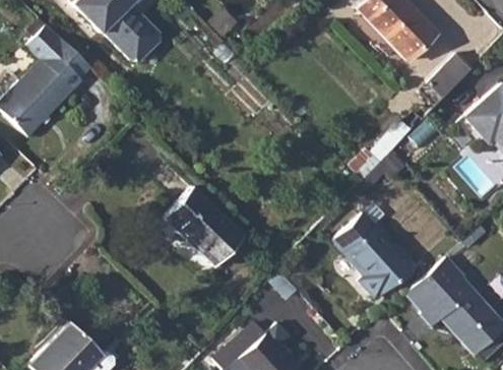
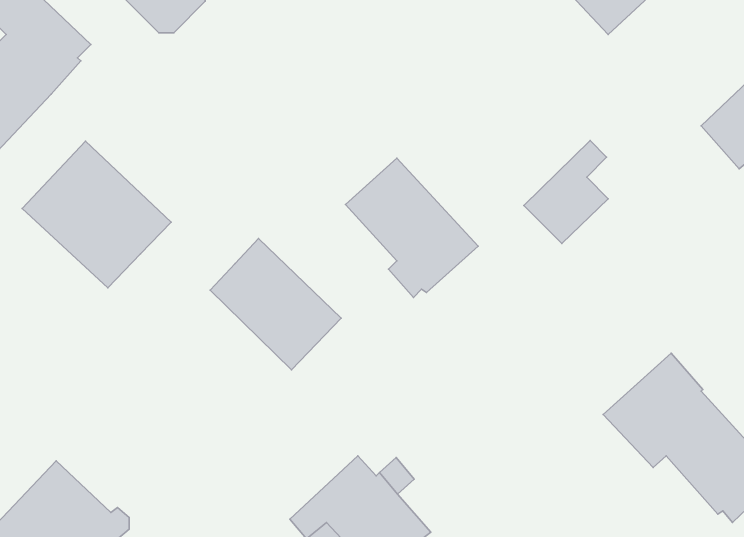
building: [429,54,473,98] -> none
building: none -> [22,141,171,288]
building: [332,212,414,298] -> [345,158,478,297]

